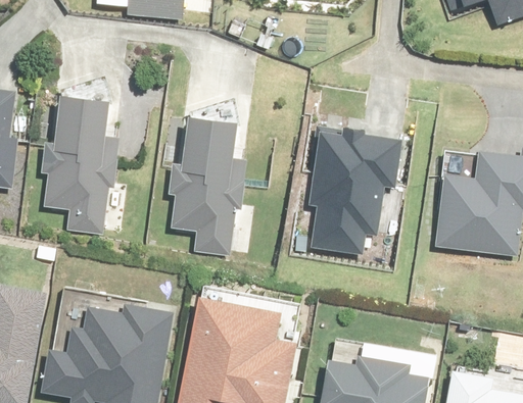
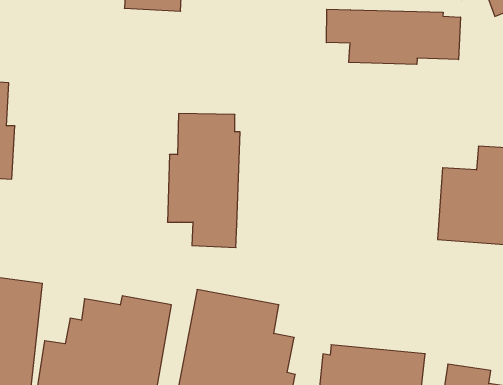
building: none -> [326,9,460,64]
building: [41,98,122,233] -> none
building: [304,104,376,238] -> none

